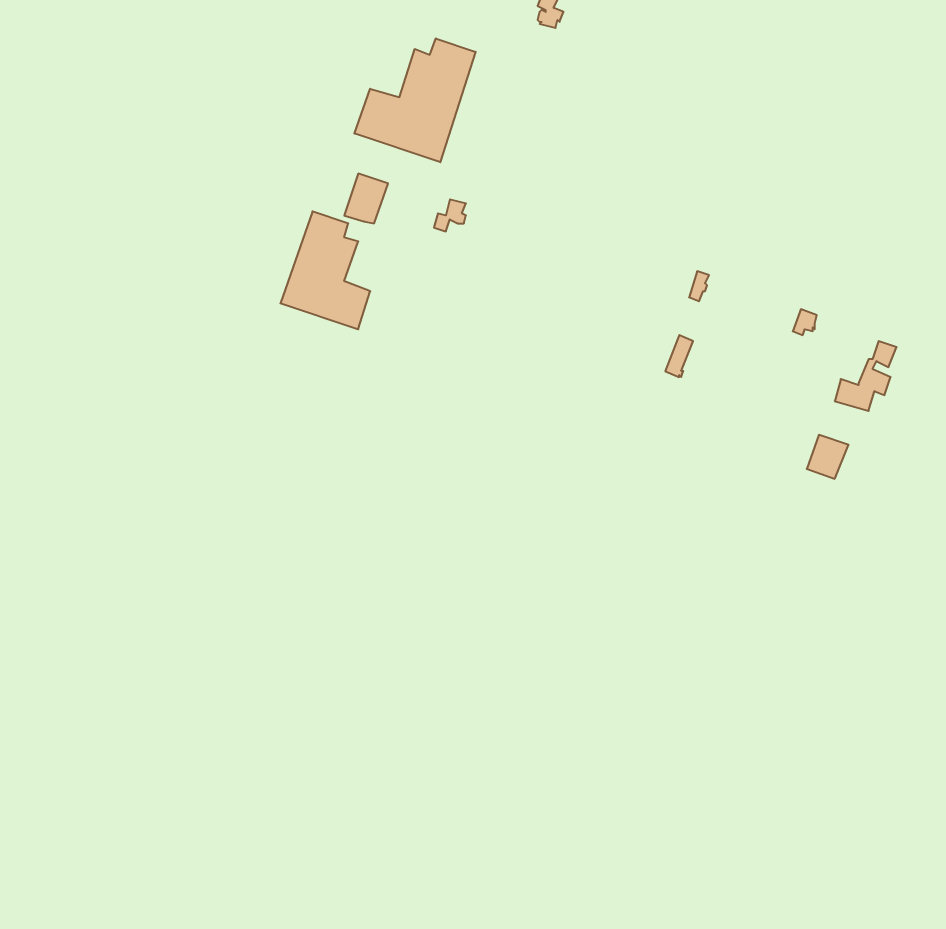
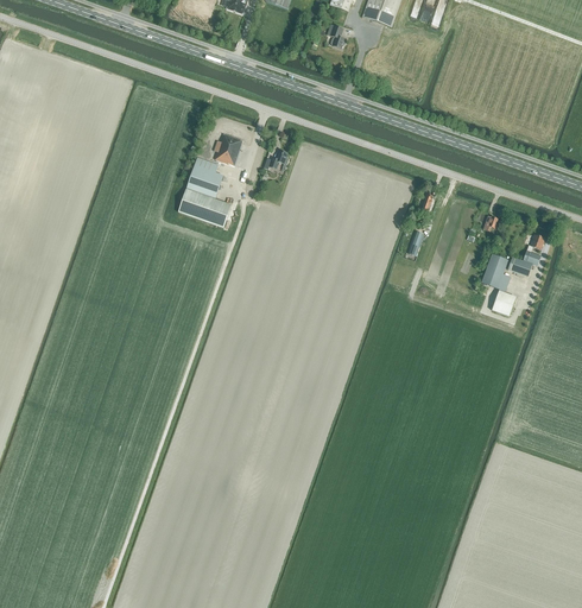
building: [354,38,476,162] -> none
building: none -> [480,253,510,290]

